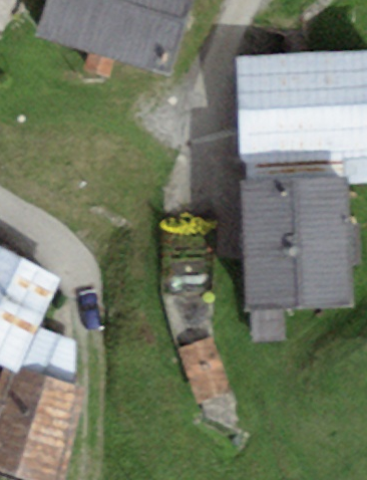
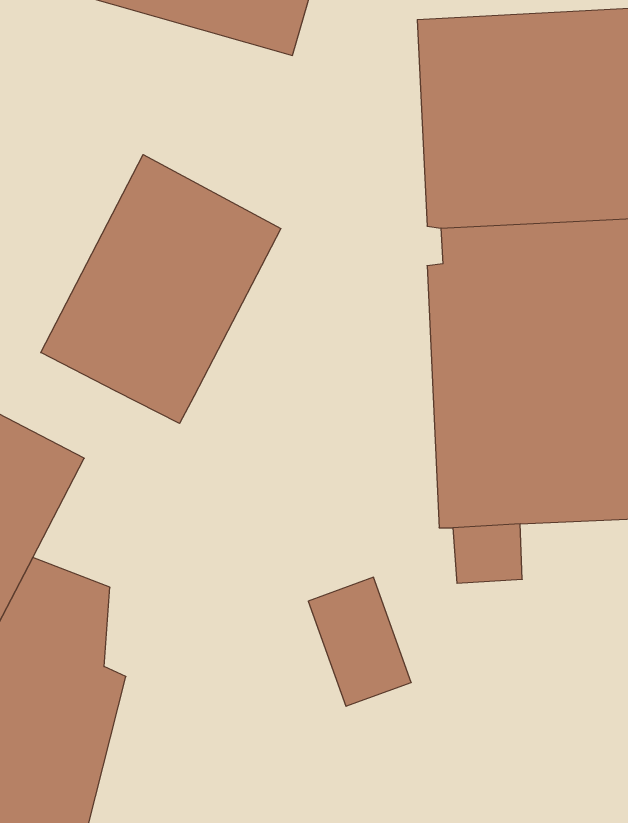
building: none -> [41,155,281,423]

